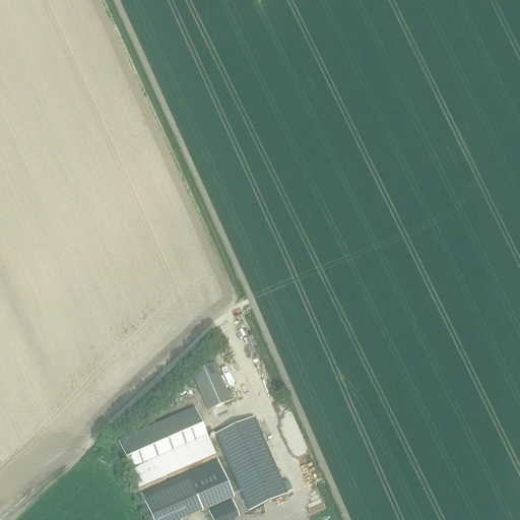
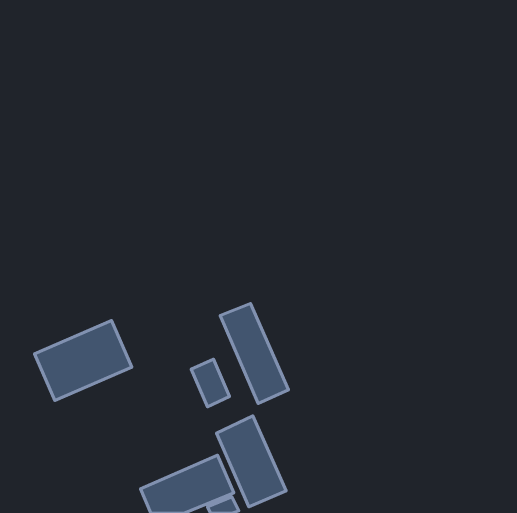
building: none -> [220,303,288,404]
building: [118,405,215,485] -> [35,320,132,400]

